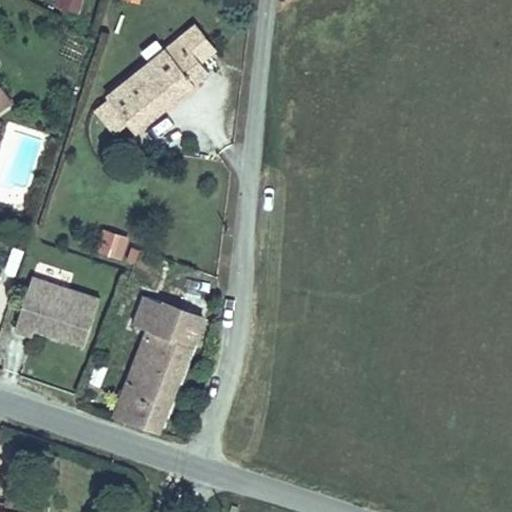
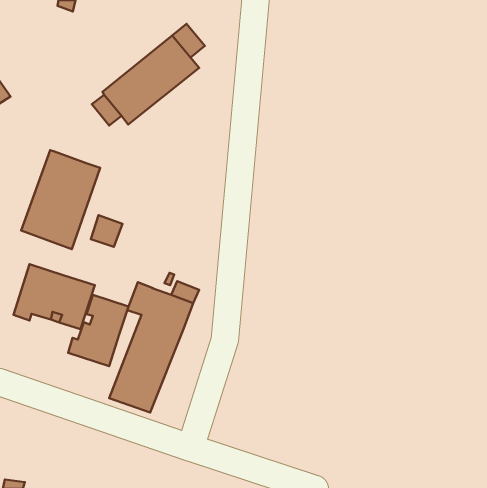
building: none -> [21,150,100,249]
building: none -> [68,295,128,366]

